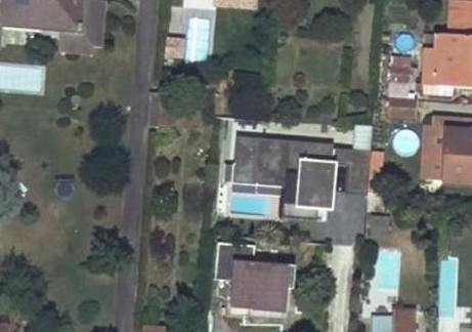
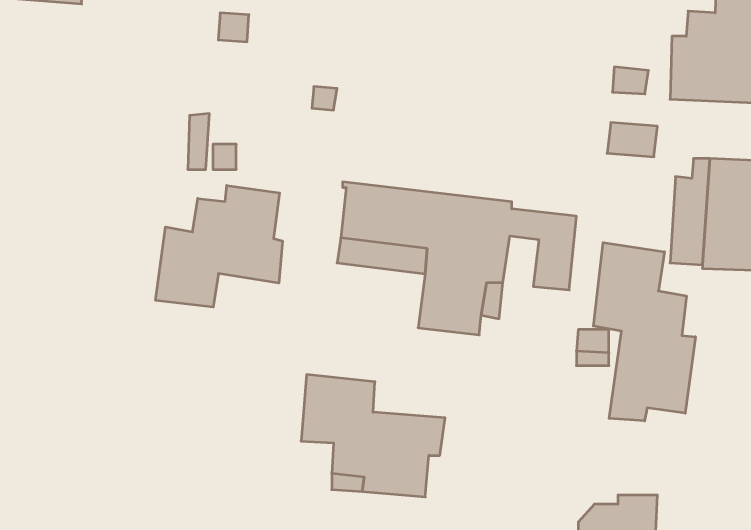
building: none -> [156,185,282,307]
building: none -> [593,243,695,421]

